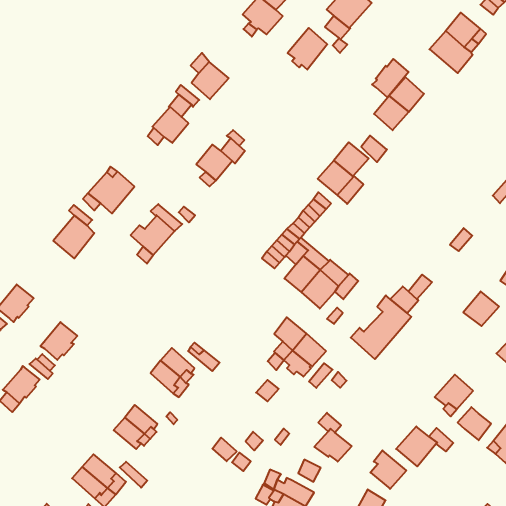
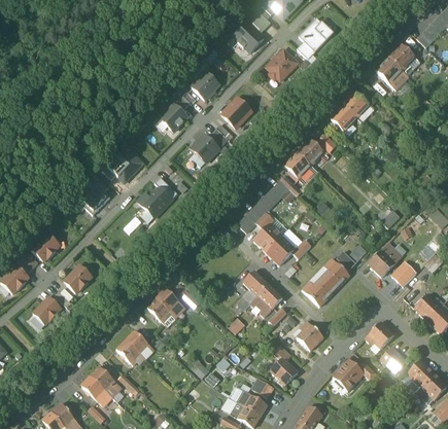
building: [372,59,409,98] -> none
building: none -> [221,97,252,128]
building: none -> [369,249,399,277]
building: [370,450,406,489] -> [297,320,324,350]

